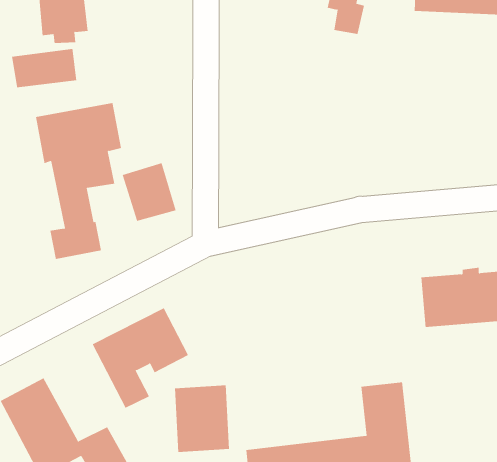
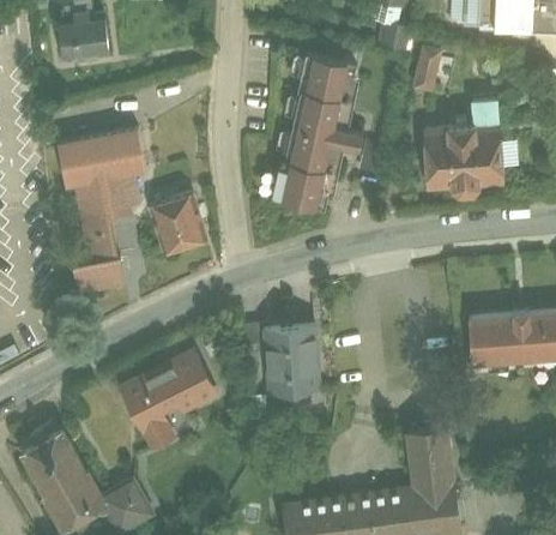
building: none -> [410,43,440,94]
building: none -> [276,49,365,204]
building: [11,48,77,88] -> none
building: none -> [421,96,504,198]
building: [174,385,230,453] -> [262,325,322,398]

